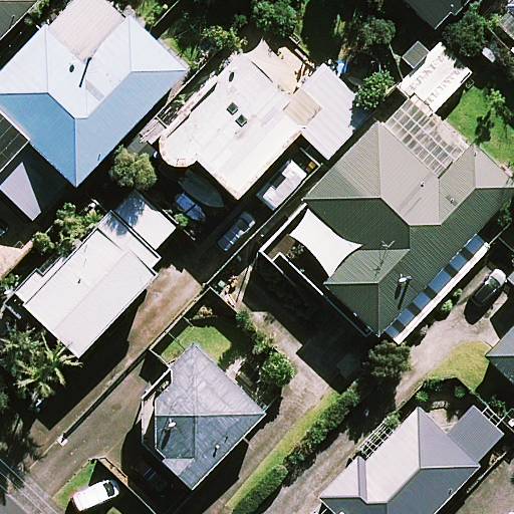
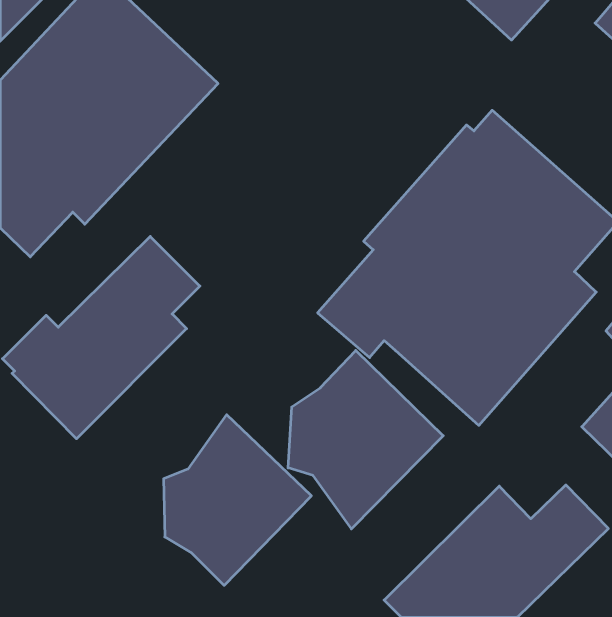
building: [153,56,368,202] -> none
building: none -> [288,350,443,529]

